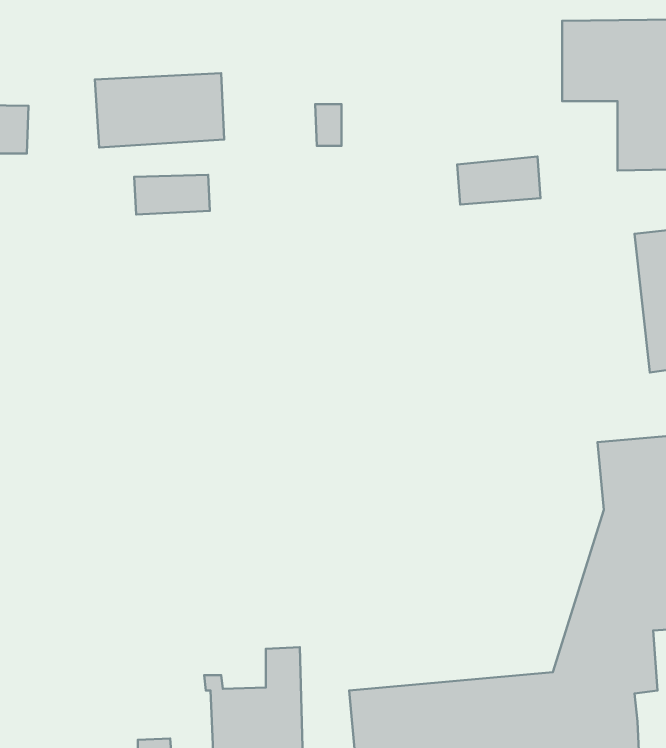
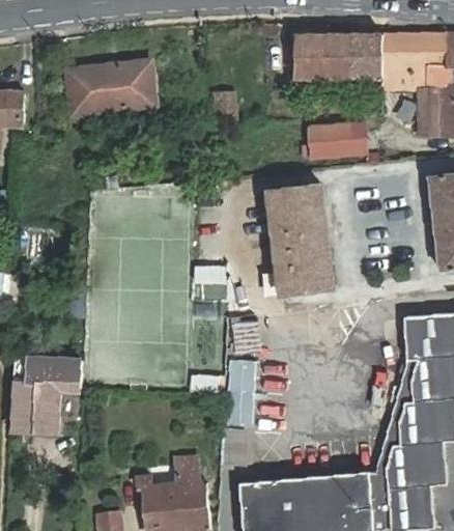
building: none -> [295,33,380,78]
building: [134,175,210,214] -> none
building: none -> [269,187,335,296]
building: none -> [12,358,82,431]

